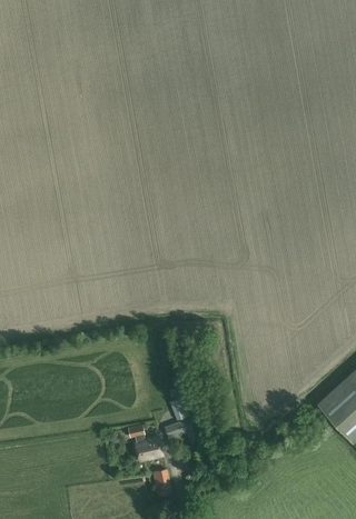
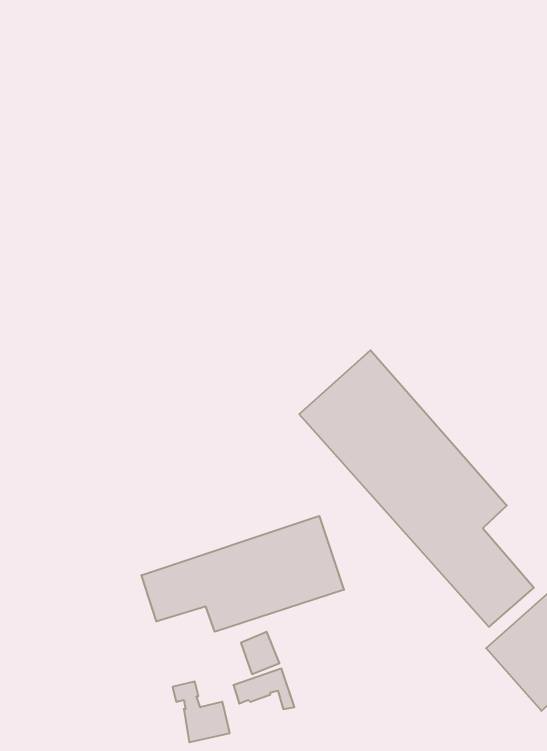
building: none -> [299,350,534,627]
building: none -> [141,516,344,632]

